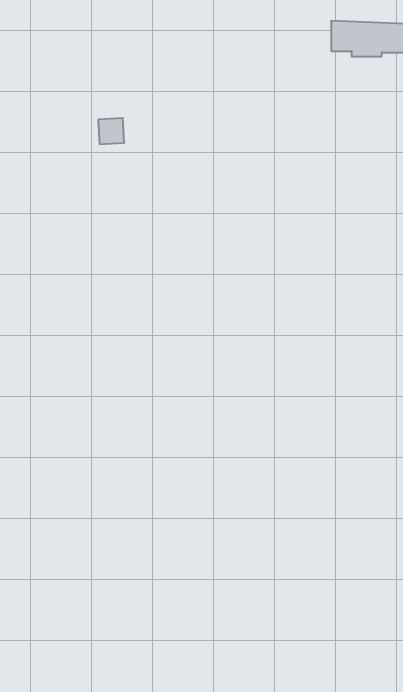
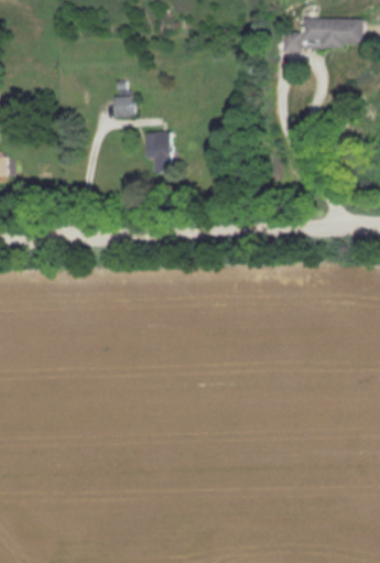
building: none -> [145,132,171,159]

